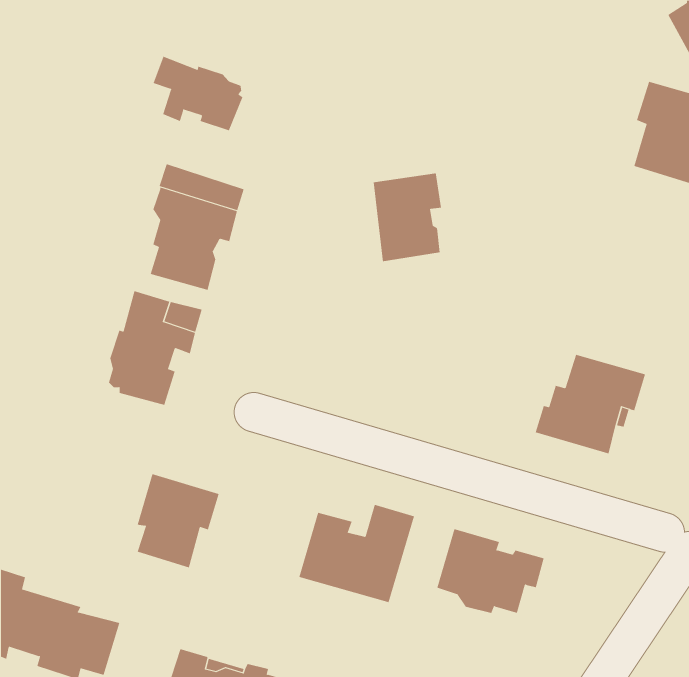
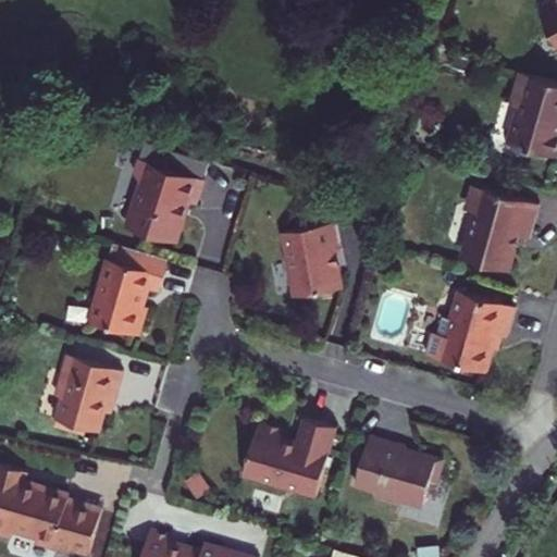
building: [153,56,243,131] -> none
building: [373,173,442,262] -> [284,226,339,298]
building: none -> [474,196,548,278]
building: [137,473,219,568] -> [55,356,122,432]

